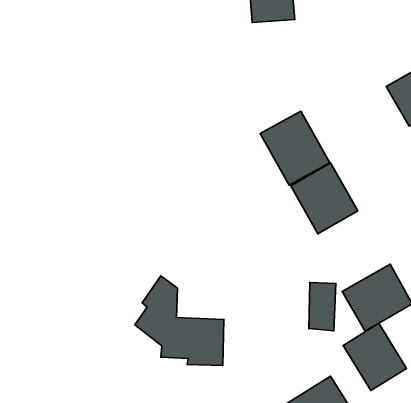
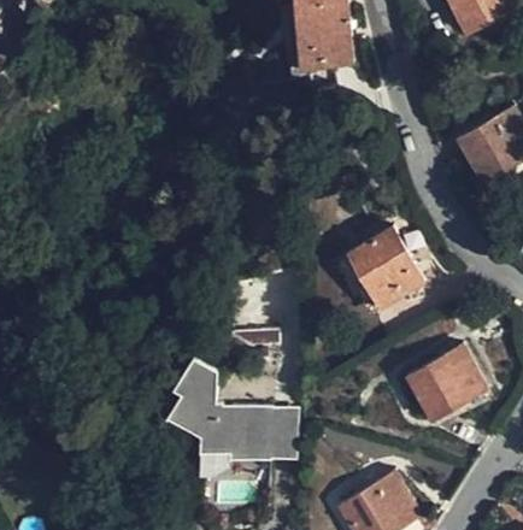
building: [260,111,330,185] -> none
building: [309,283,336,331] -> [266,408,298,464]
building: [343,323,406,391] -> none

